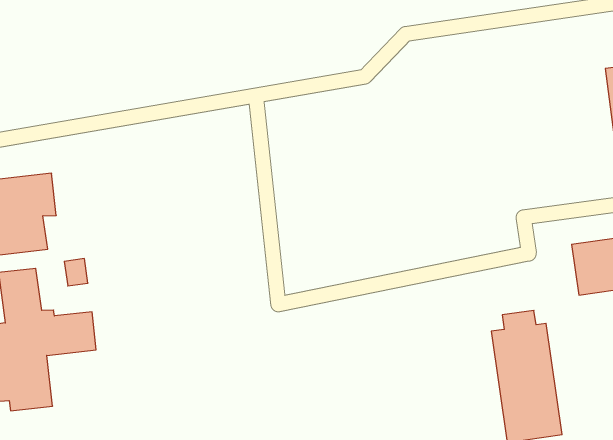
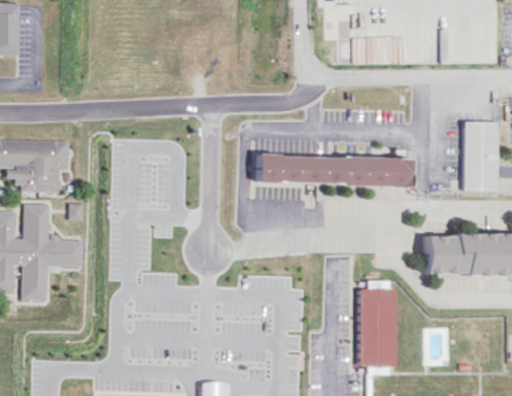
building: none -> [250,151,408,185]

